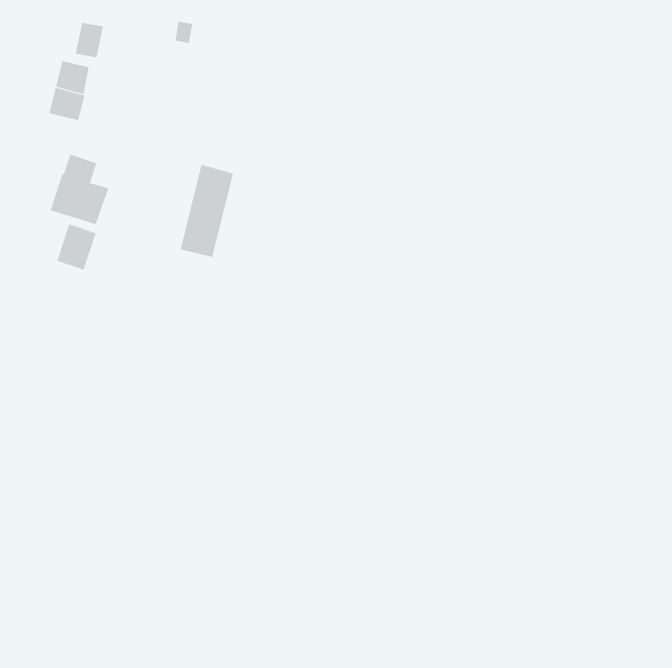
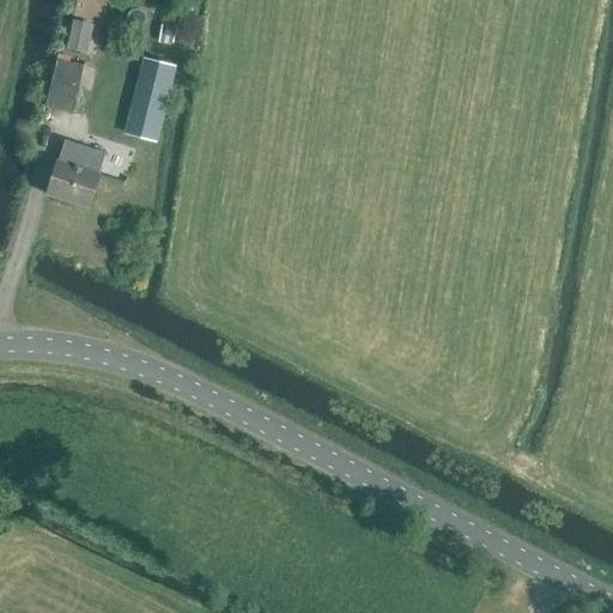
building: [180,164,234,258] -> [127,54,176,139]
building: [56,223,96,271] -> none

